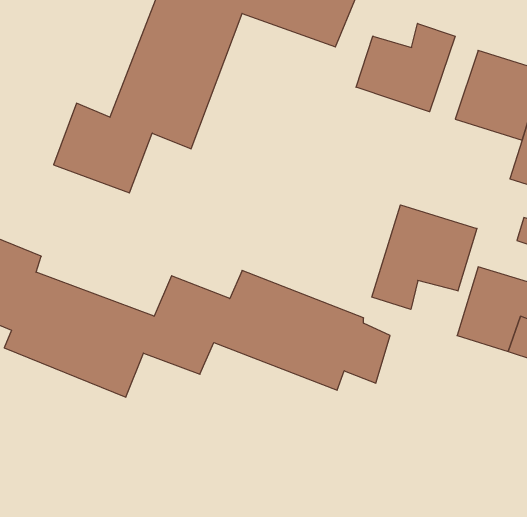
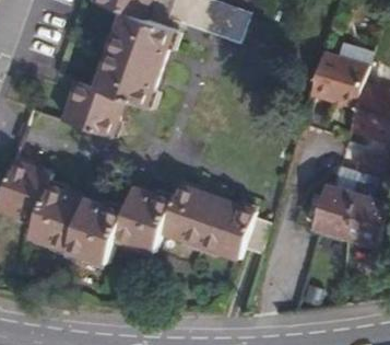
building: [356,23,455,112] -> none
building: [372,205,477,309] -> none

